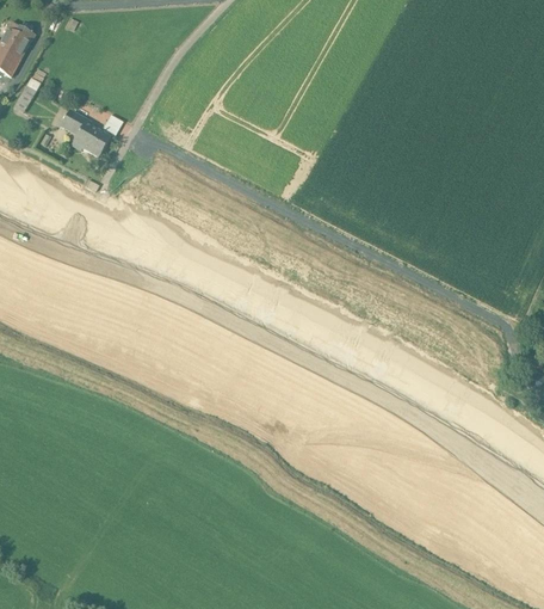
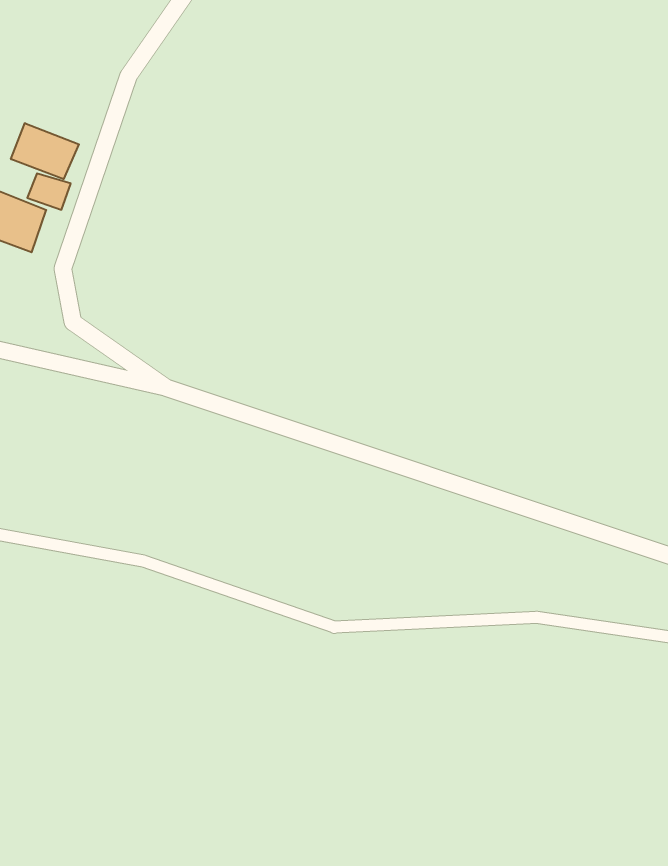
building: none -> [11,123,79,179]

